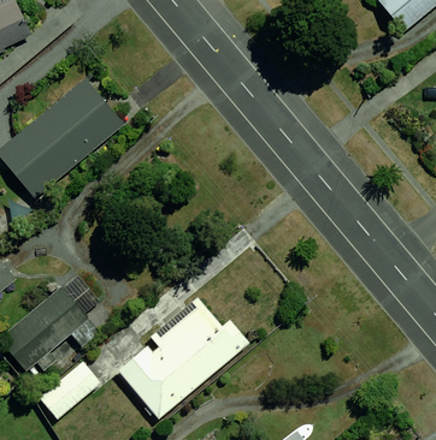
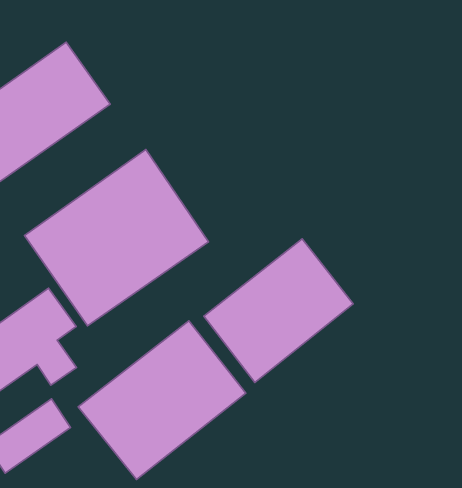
building: none -> [25,150,208,326]
building: none -> [204,239,353,382]

